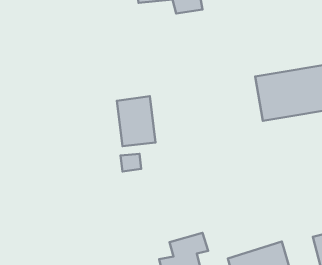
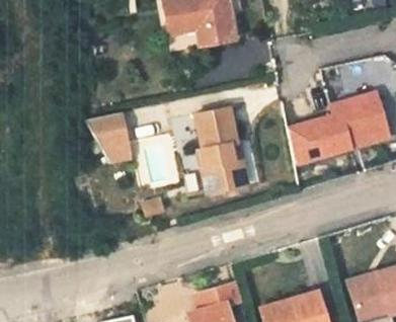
building: none -> [191,109,244,191]
building: none -> [95,110,137,165]

